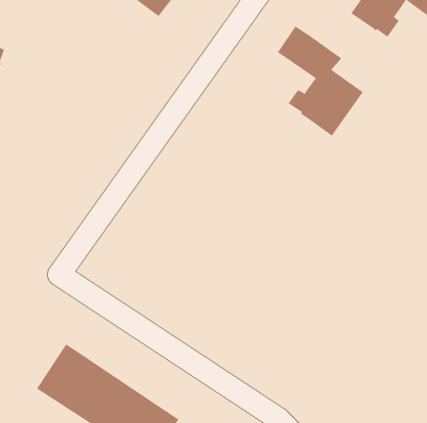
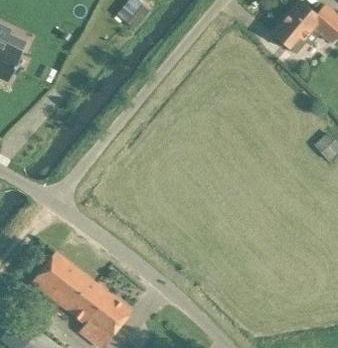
building: [277,25,363,136] -> none

